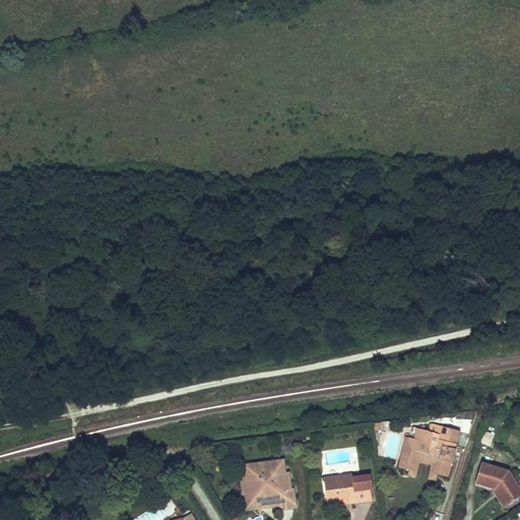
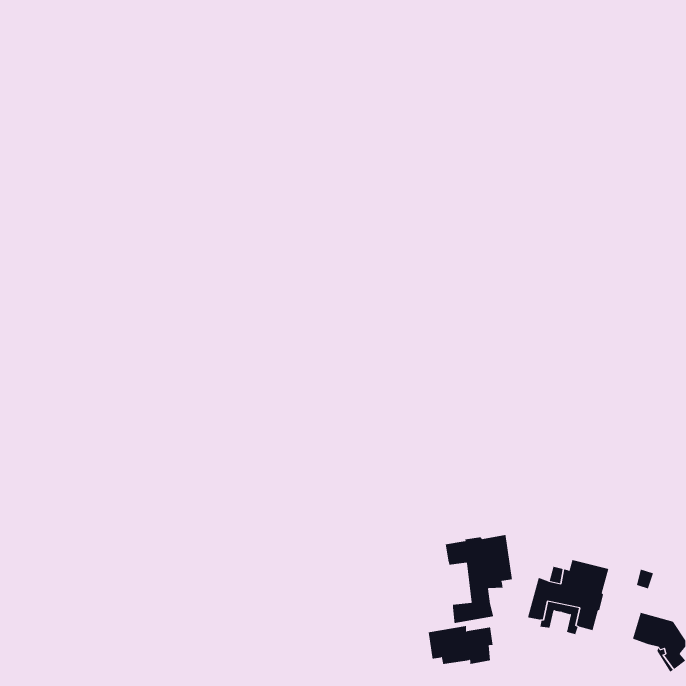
building: none -> [445,534,513,624]
building: [242,460,295,508] -> none

